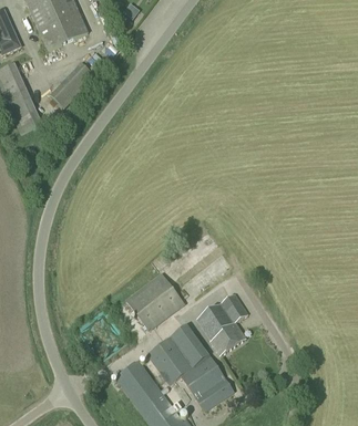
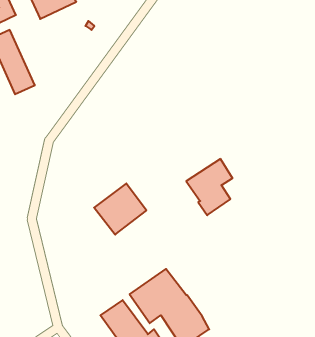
building: [50,61,95,107] -> none
building: [125,273,183,330] -> [94,183,146,235]
building: [196,293,247,355] -> [186,159,233,215]

